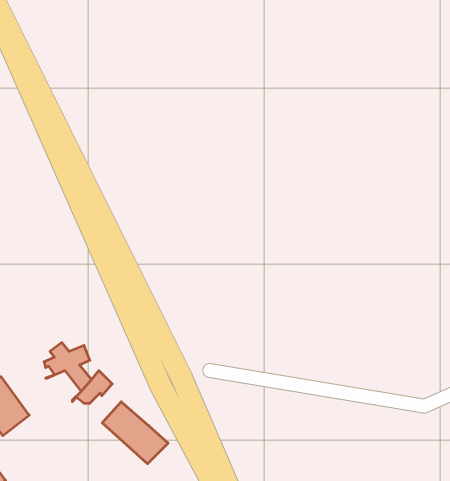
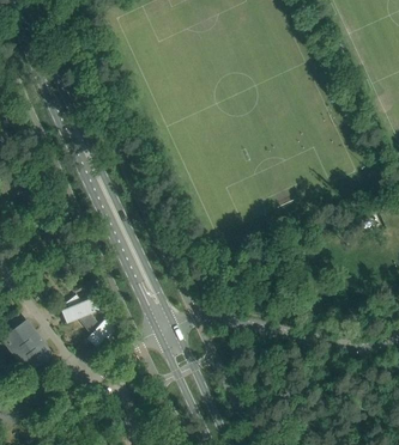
building: [102,402,168,464] -> none

